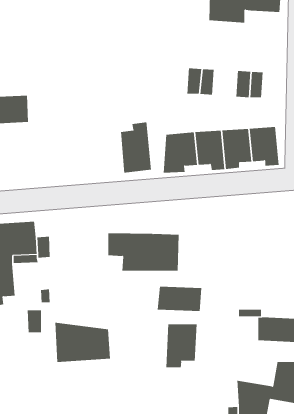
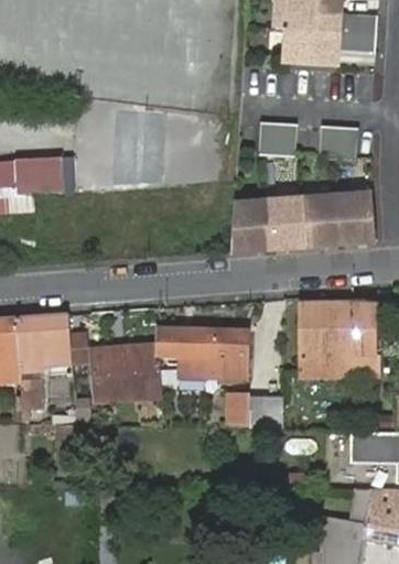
building: [120,121,151,174] -> none
building: none -> [298,303,378,375]
building: [55,322,111,362] -> [93,348,163,399]
building: [166,323,197,368] -> none

